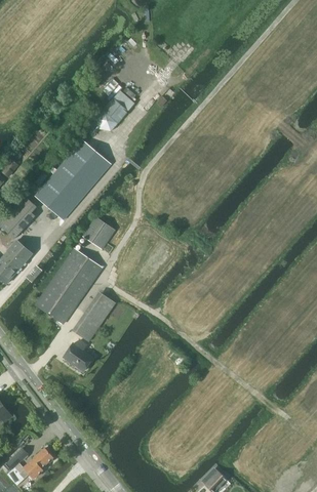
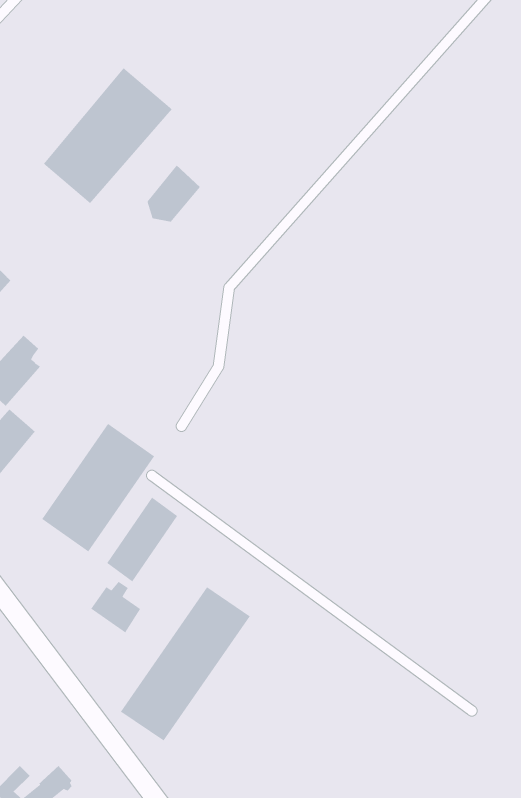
building: [35,139,111,219] -> [43,67,173,204]
building: [83,217,115,249] -> none
building: none -> [120,586,251,742]

